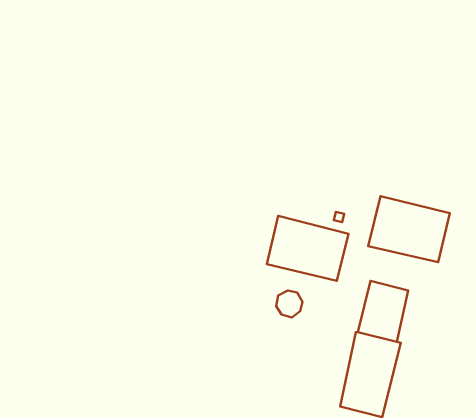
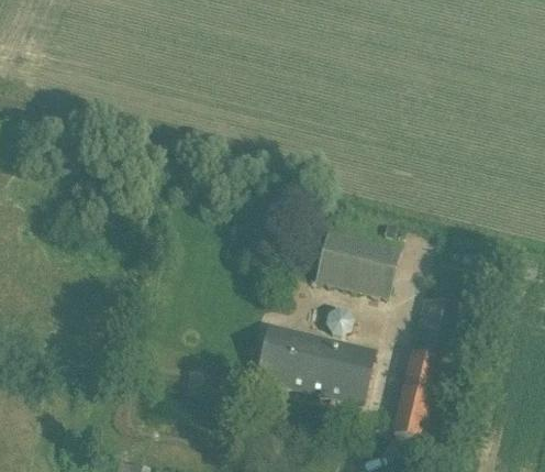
building: [368,196,450,262] -> none
building: none -> [254,323,376,407]

